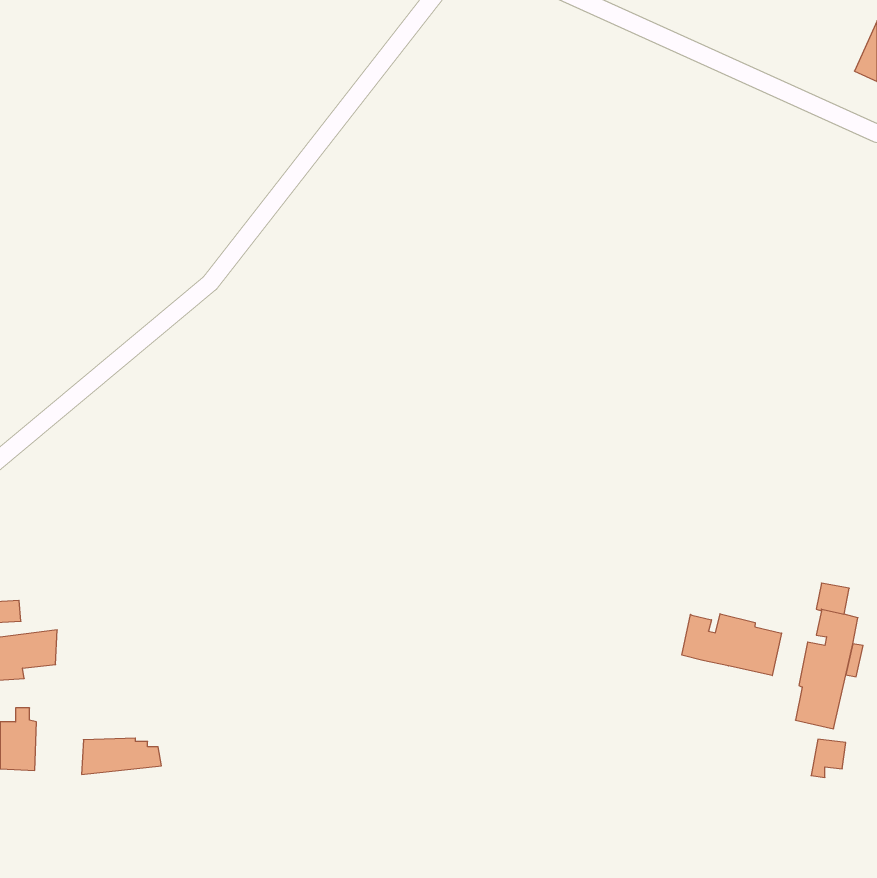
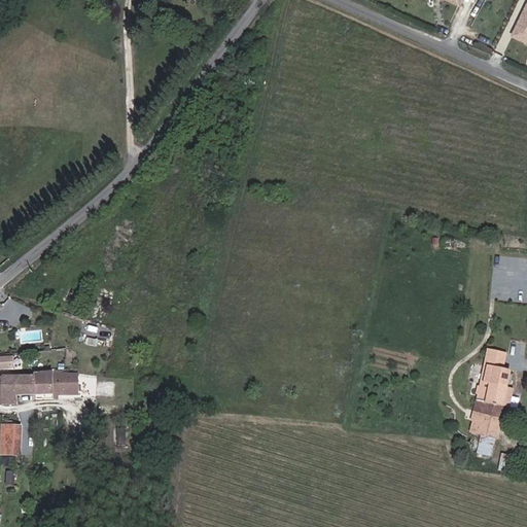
building: [682,614,782,676] -> none
building: [82,738,161,774] -> [33,373,80,394]

